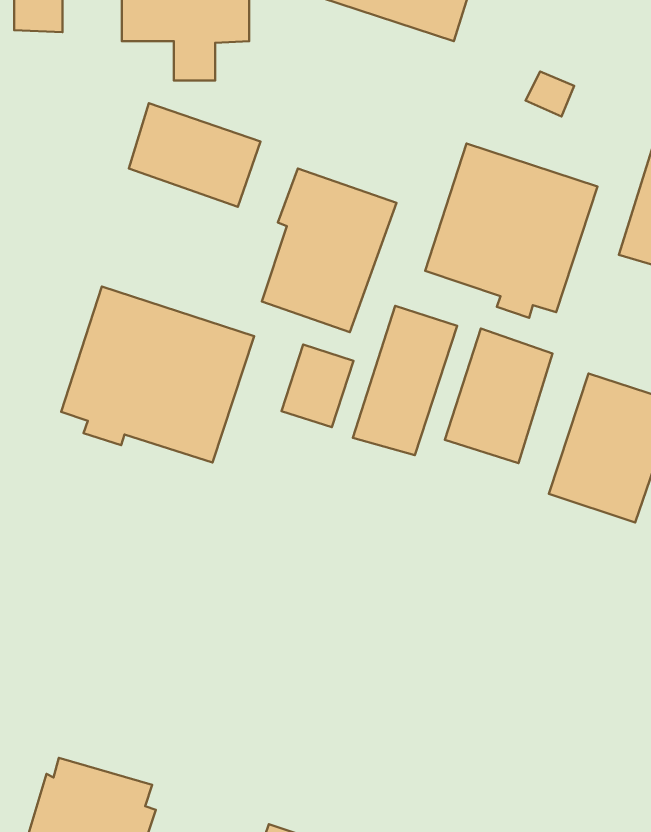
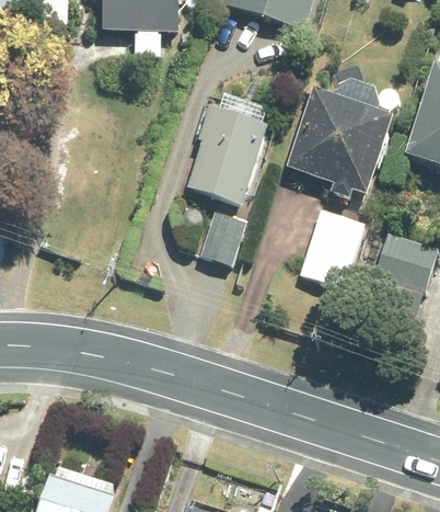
building: [129,103,261,207] -> none
building: [61,287,254,463] -> none
building: [353,306,457,455] -> none

